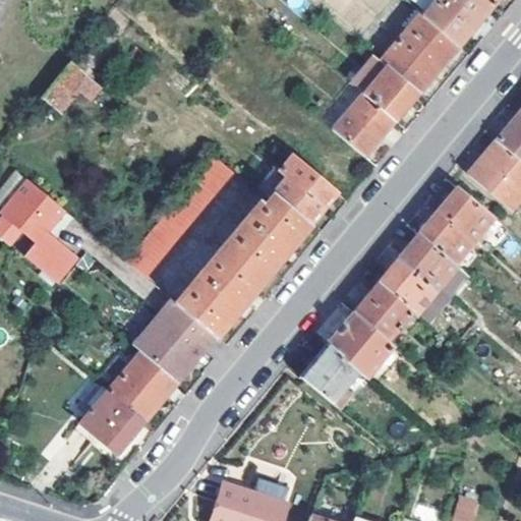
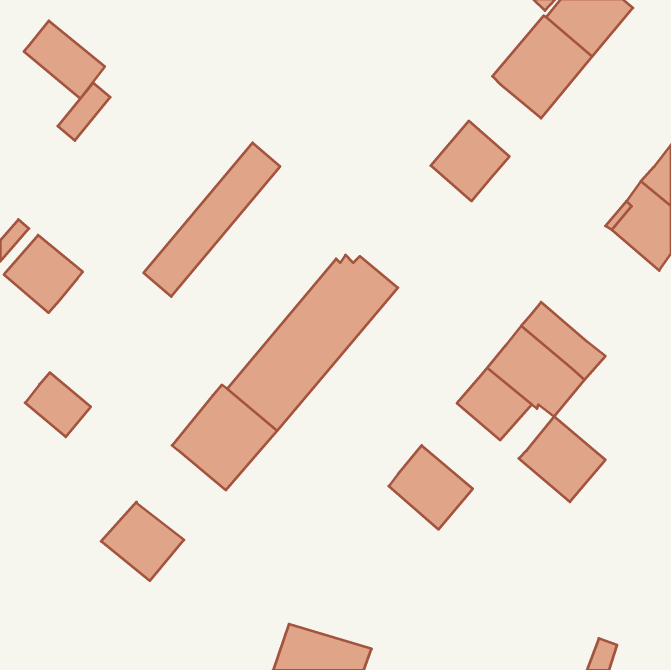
building: none -> [24,21,105,99]
building: [350,54,419,121] -> none
building: [254,154,336,223] -> none
building: [127,159,233,278] -> [144,143,280,297]
building: [419,189,495,265] -> none
building: [26,233,77,283] -> [25,373,91,437]
building: [327,312,394,379] -> [519,416,605,502]
building: [106,349,175,418] -> none

